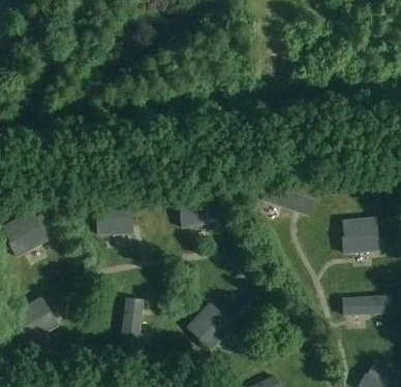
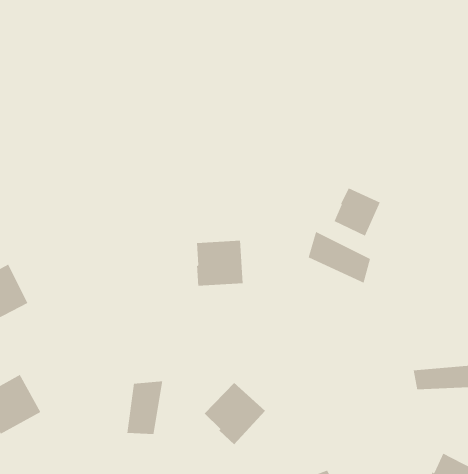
building: none -> [334,187,380,237]
building: [95,199,132,234] -> none
building: [341,216,378,253] -> none

